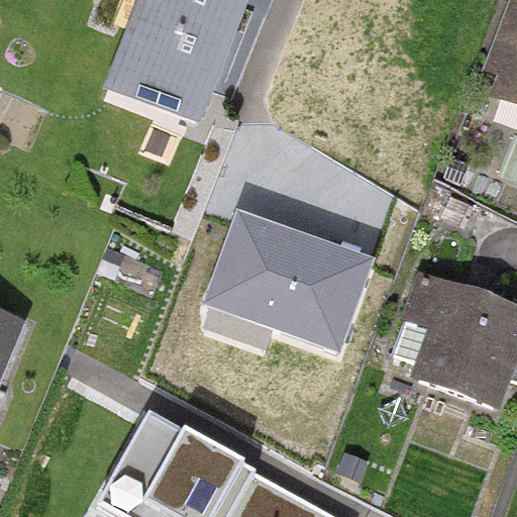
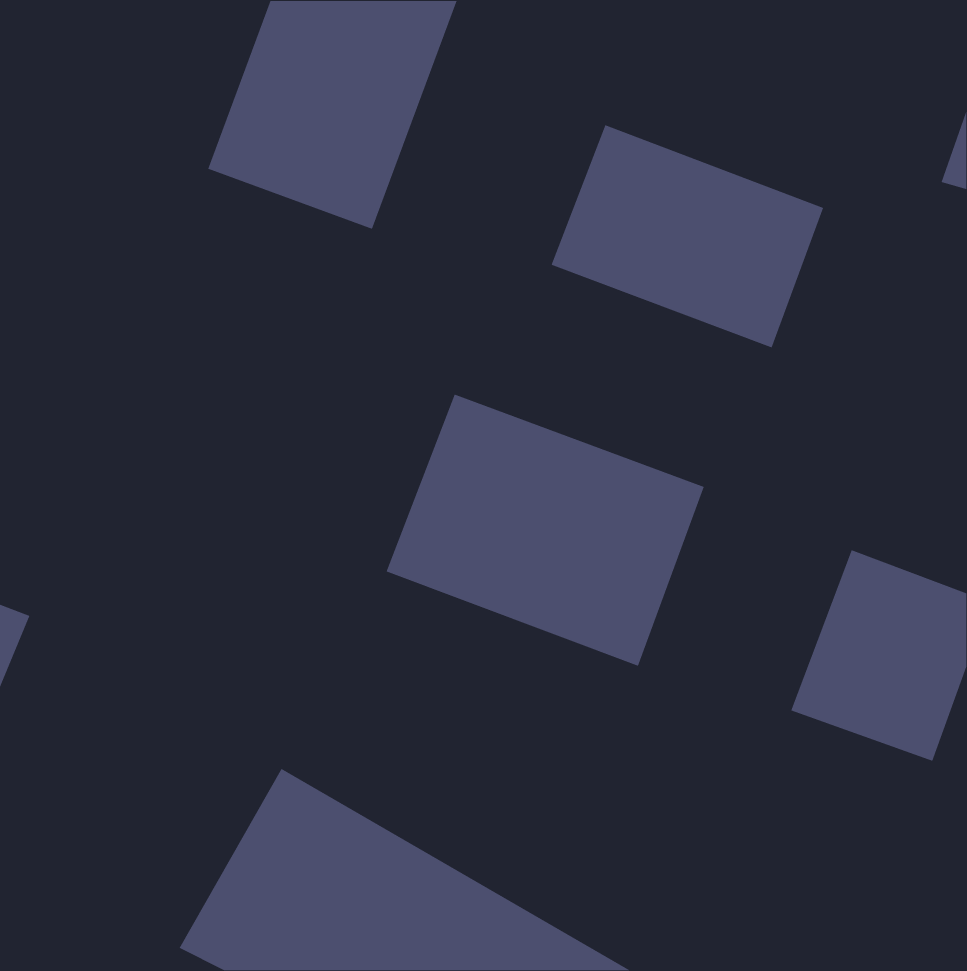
building: none -> [550,124,824,349]

